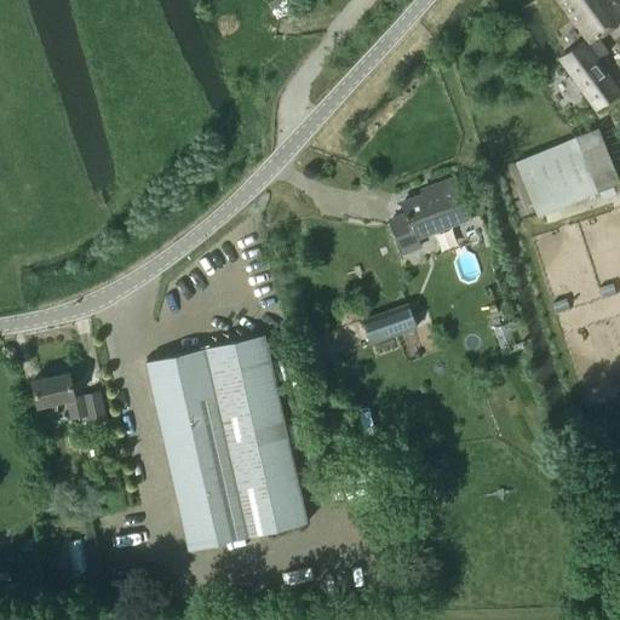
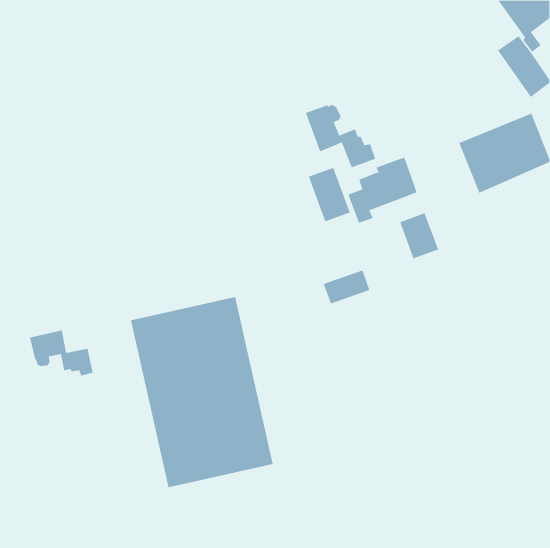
building: none -> [305,104,376,168]
building: none -> [308,167,350,222]
building: none -> [399,213,439,259]

